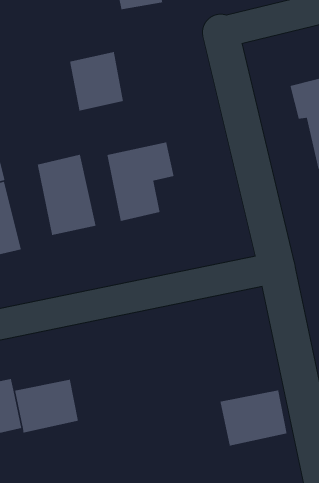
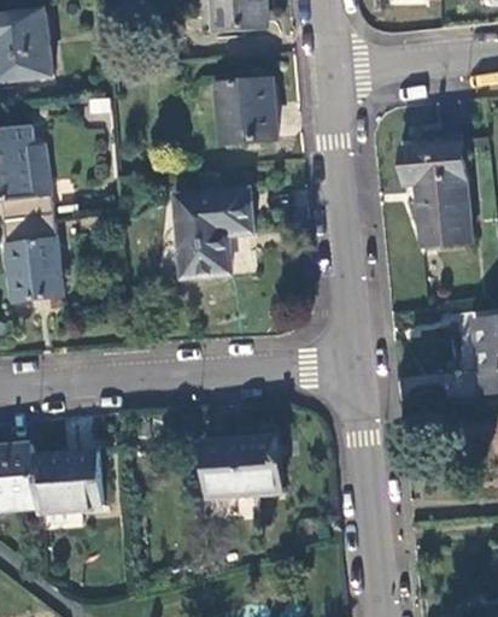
building: [69,51,124,111] -> [216,80,274,145]
building: [37,154,96,236] -> none
building: [219,389,288,446] -> [207,436,282,495]

